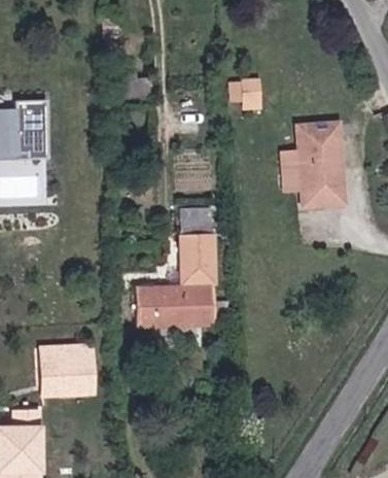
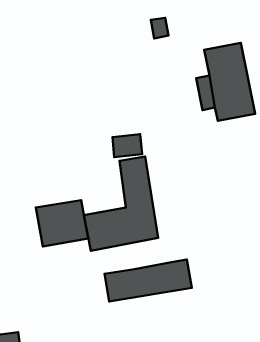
building: [41,347,96,394] -> [36,200,88,246]
building: none -> [104,260,192,301]

